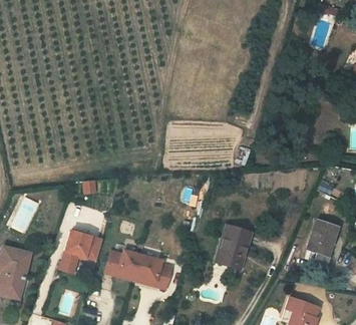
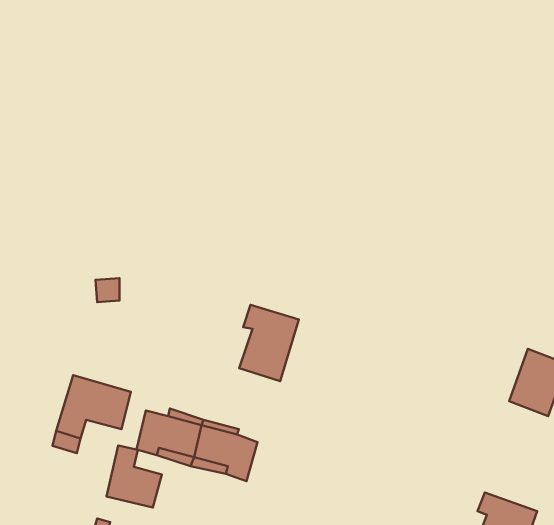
building: [218,228,250,269] -> [239,305,299,381]
building: none -> [107,446,162,508]

